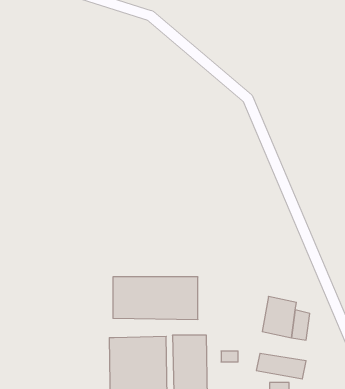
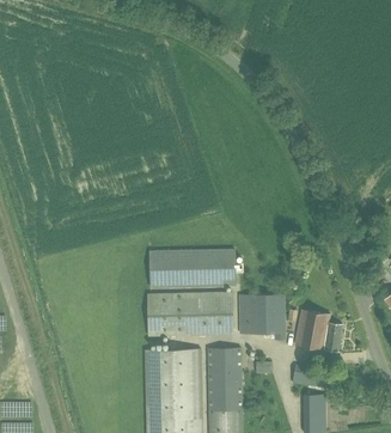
building: none -> [148,248,236,287]
building: none -> [239,293,285,339]

